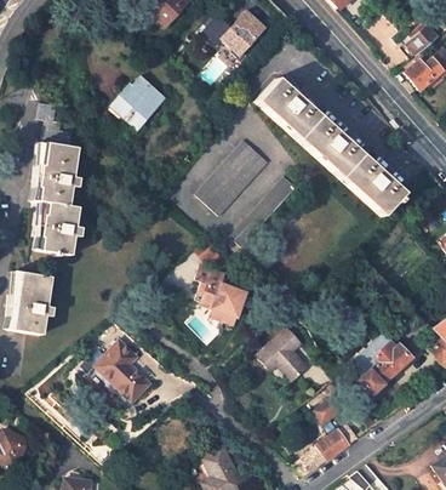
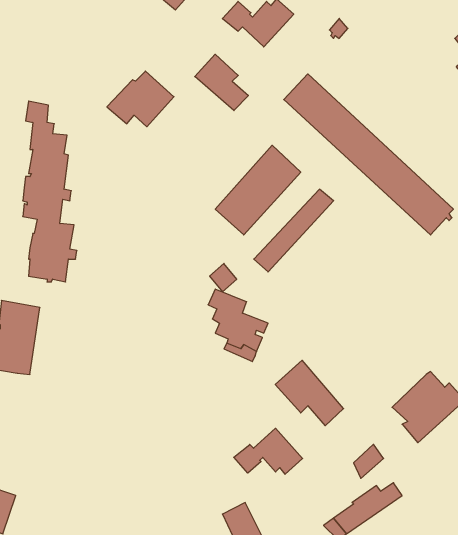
building: none -> [195,54,248,111]
building: [98,338,153,398] -> none
building: none -> [234,428,303,474]

